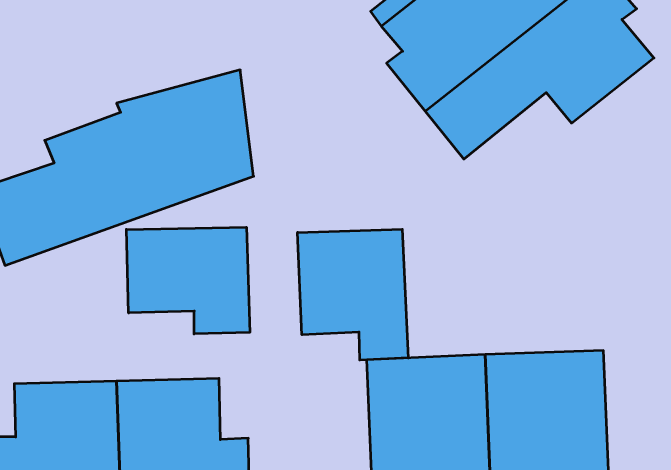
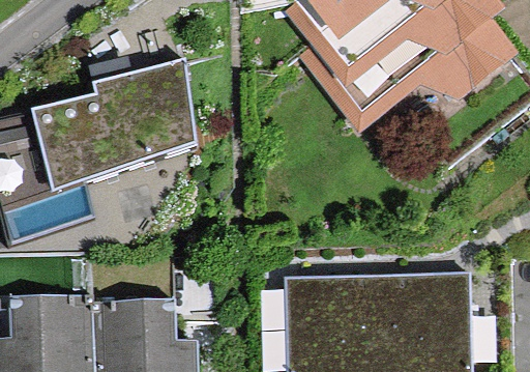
building: [126,227,250,334] -> none
building: [298,229,408,360] -> none

